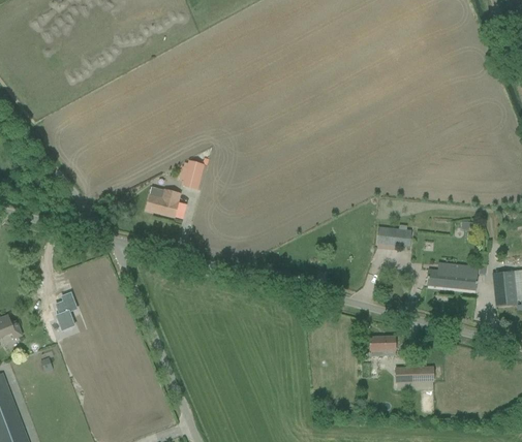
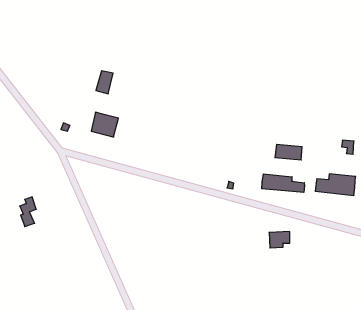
building: [182,160,204,189] -> [96,71,113,94]
building: none -> [262,174,304,192]
building: [395,367,433,382] -> none

